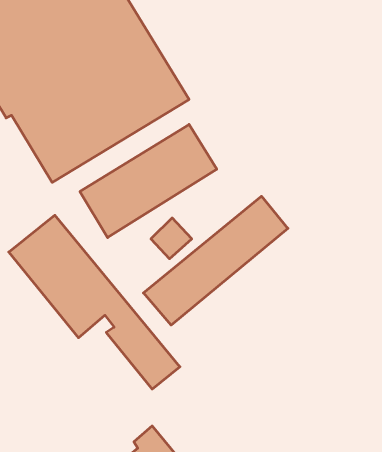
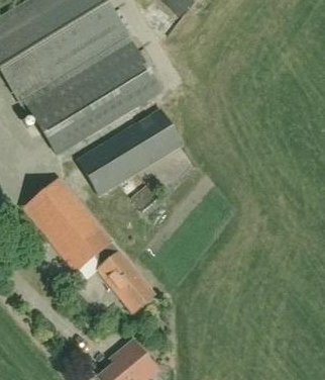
building: [143,196,288,325] -> none

